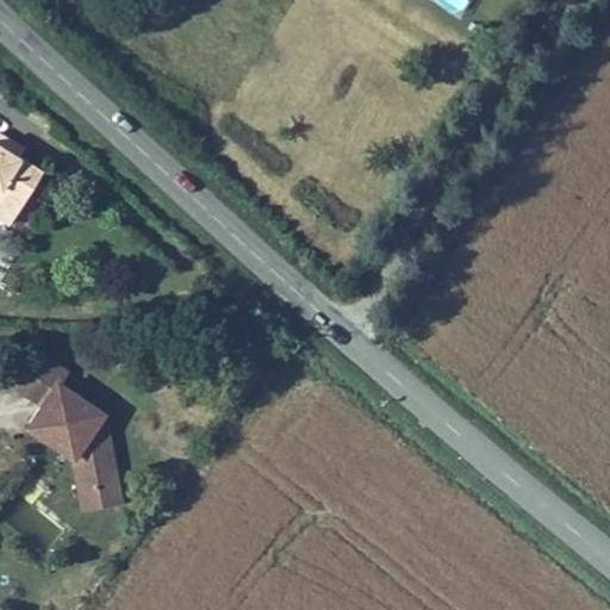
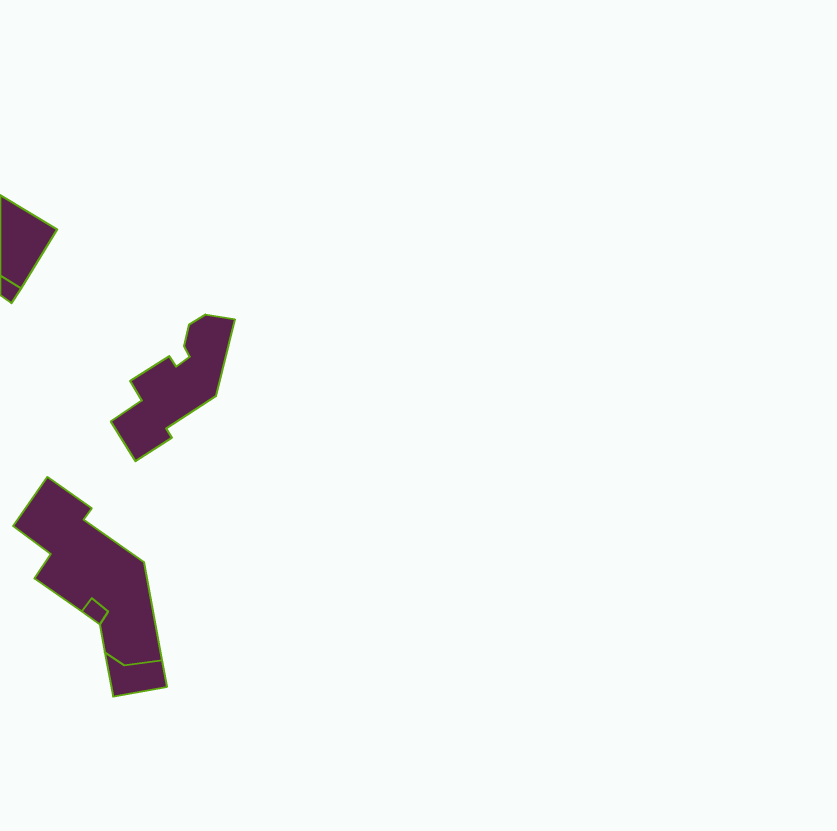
building: none -> [111,314,235,461]

